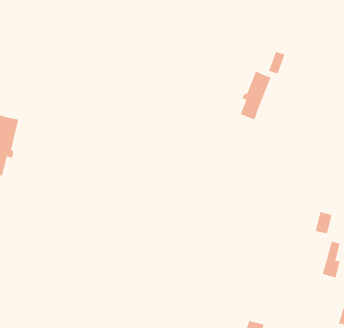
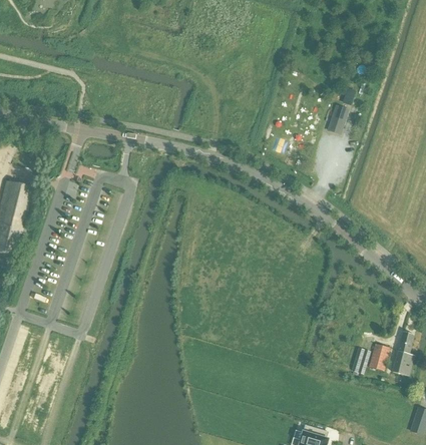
building: [240,70,272,121] -> none
building: [315,211,333,234] -> [369,343,390,370]

